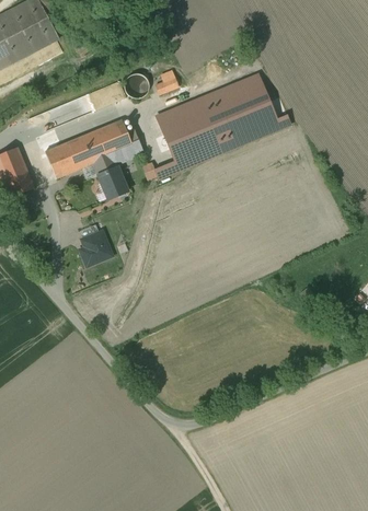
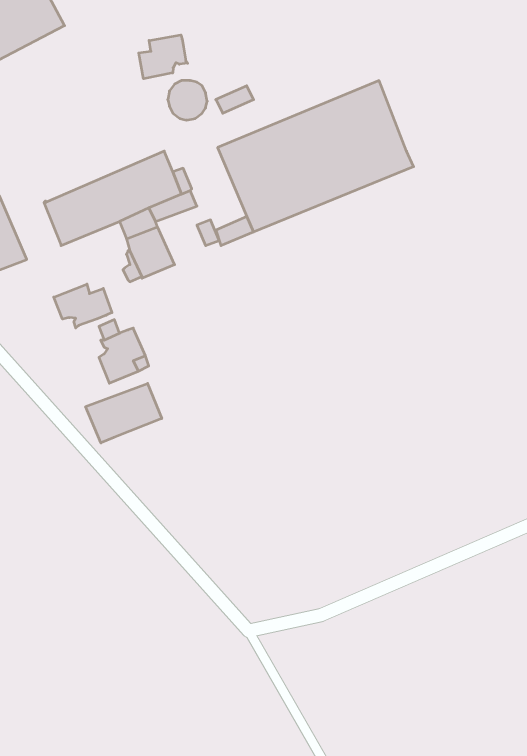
building: none -> [139,35,188,79]
building: none -> [54,284,112,328]
building: none -> [86,383,162,443]

